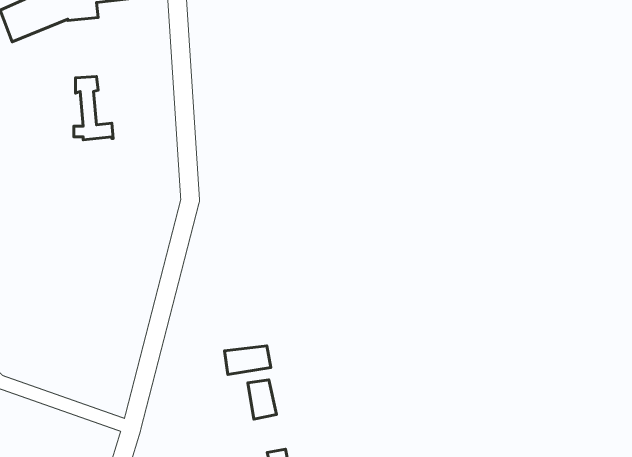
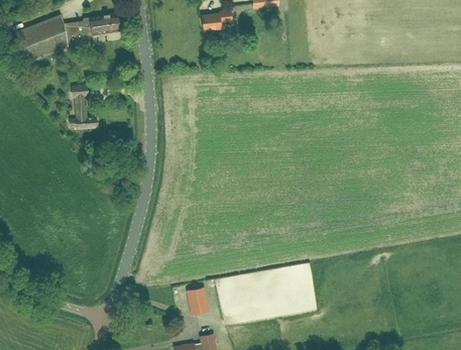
building: [225,346,271,375] -> none

